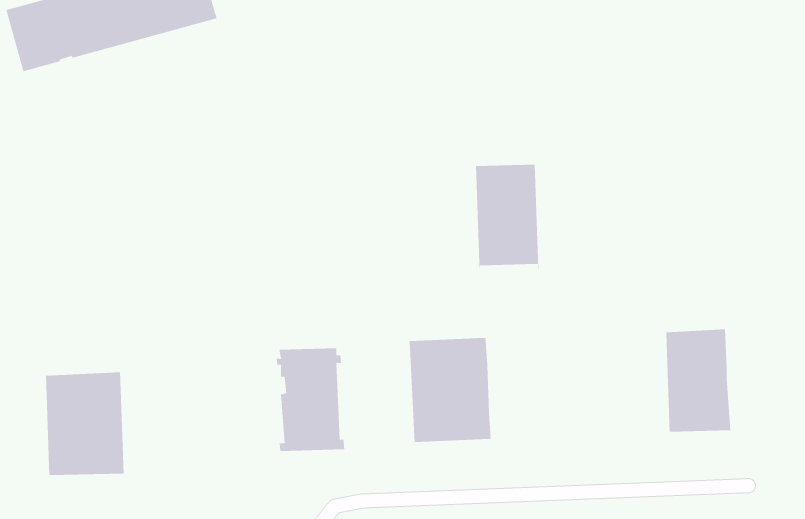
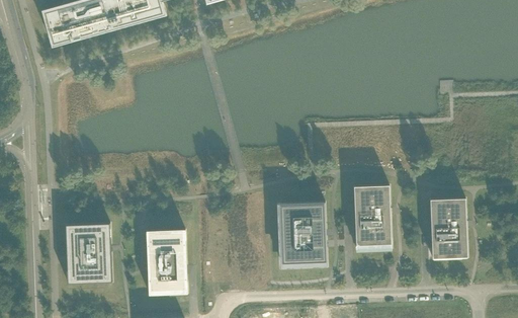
building: [475,164,539,273] -> [353,185,391,249]
building: [275,348,346,458] -> [146,230,187,295]

